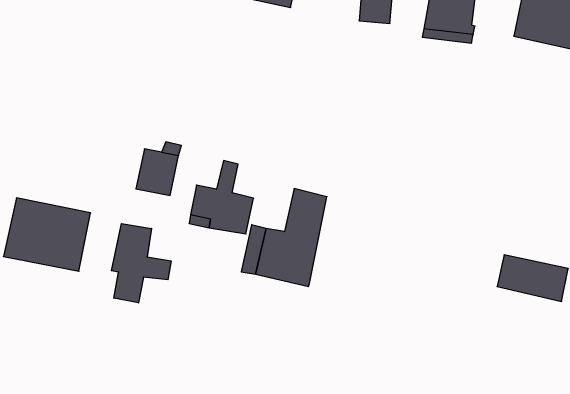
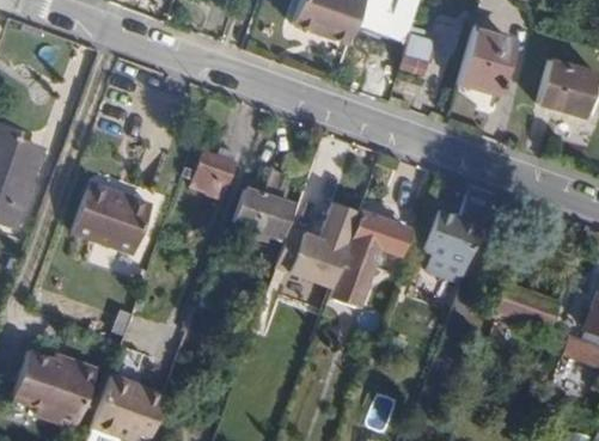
building: none -> [422,184,491,282]
building: none -> [332,214,407,304]
building: [111,224,171,303] -> none

